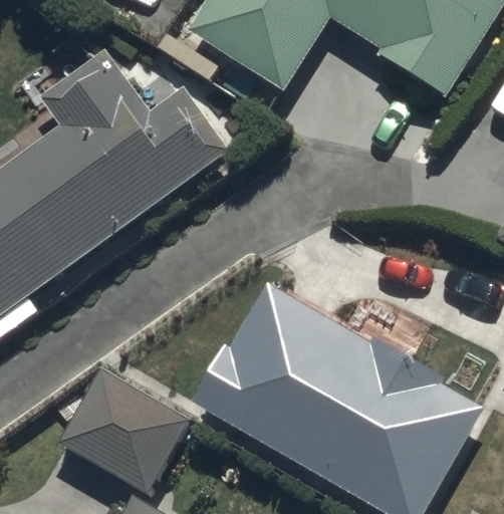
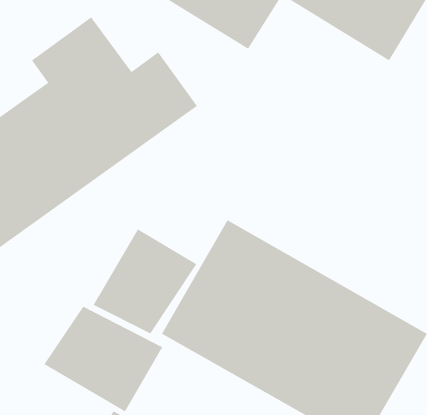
building: none -> [93,228,197,334]

